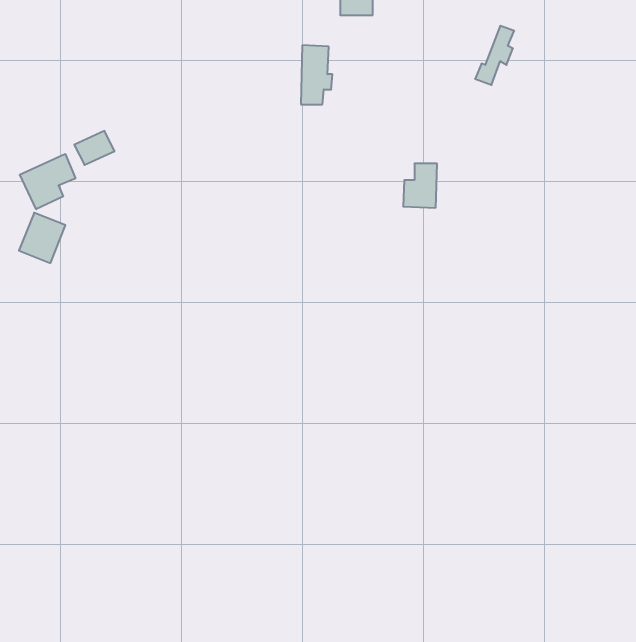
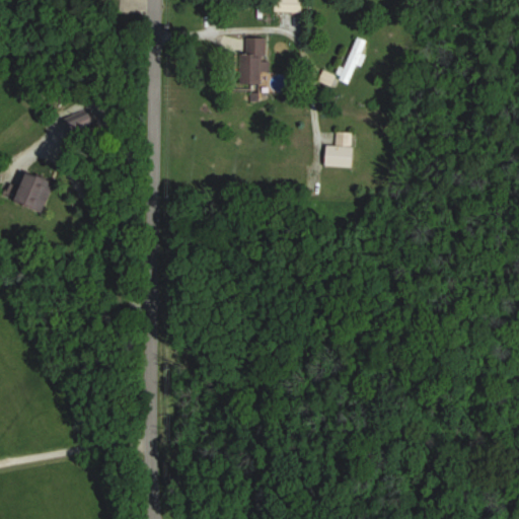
building: [475,26,514,85] -> [335,35,366,83]
building: [20,154,75,209] -> none

